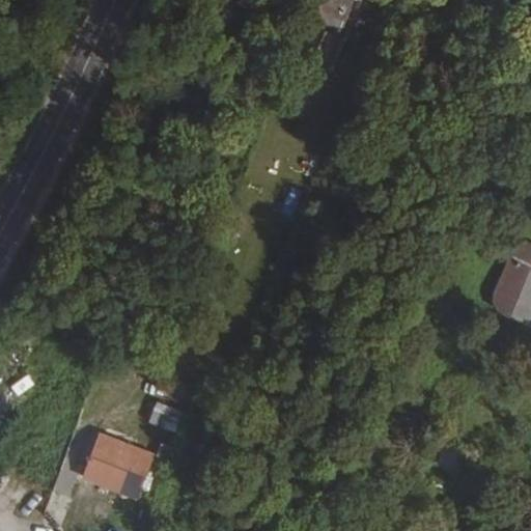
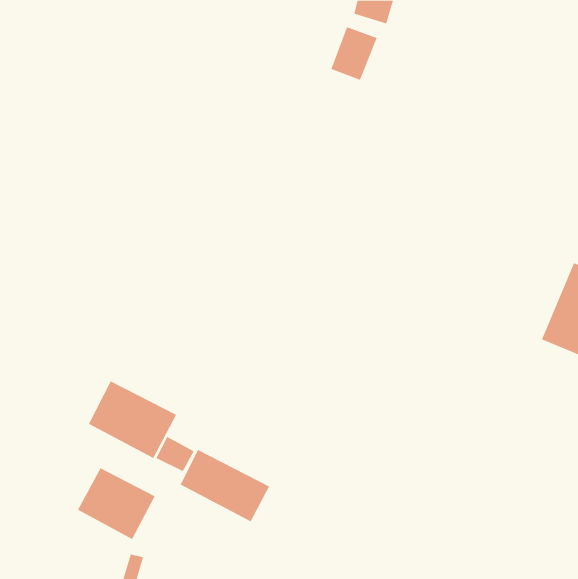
building: none -> [88,380,177,459]
building: none -> [180,449,270,522]

